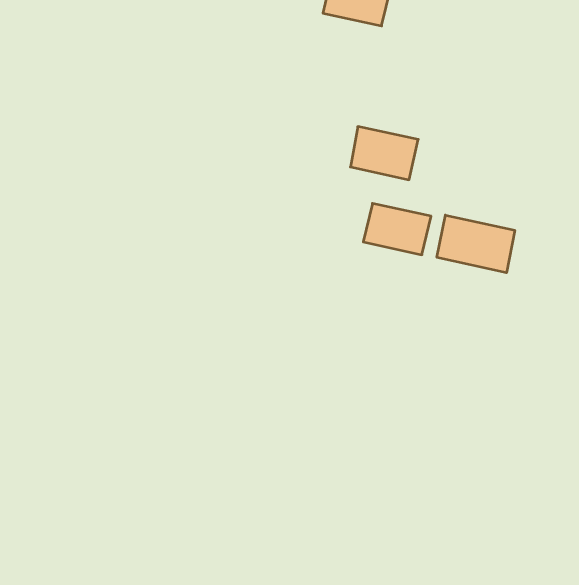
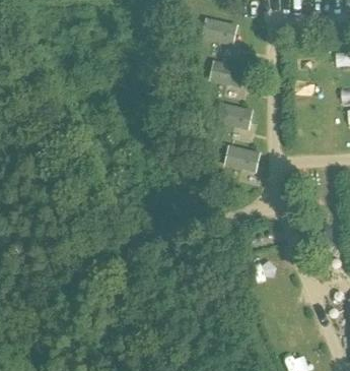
building: none -> [207,60,244,88]
building: [437,215,515,273] -> none

